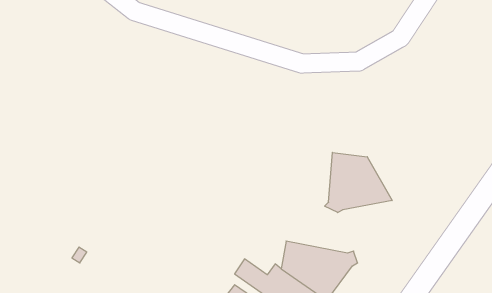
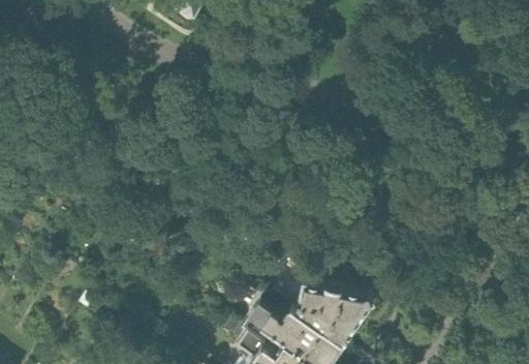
building: [325,152,392,213] -> none

